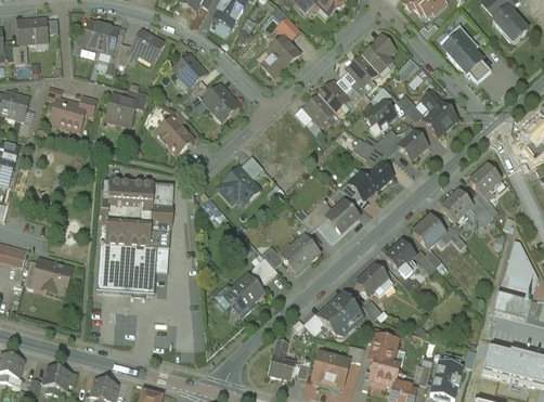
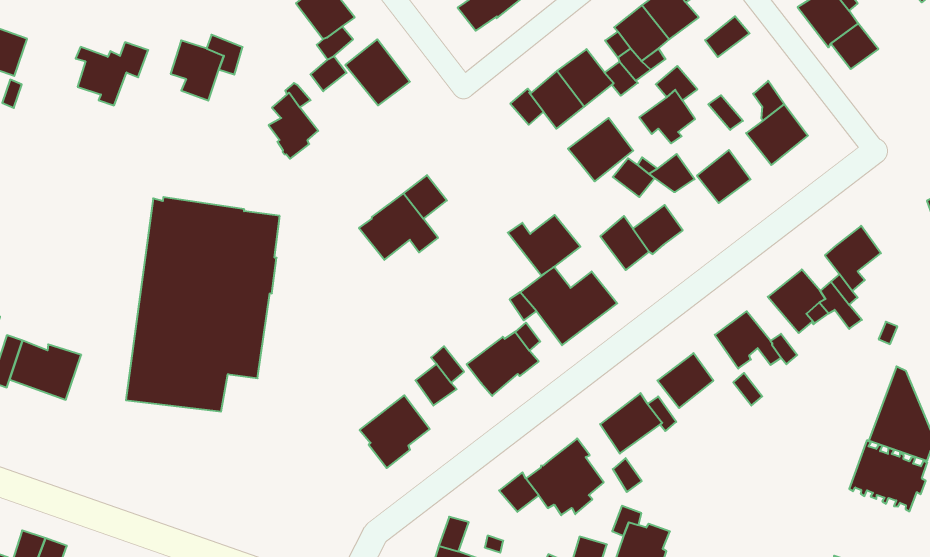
building: none -> [568,118,633,181]
building: none -> [508,215,580,275]

